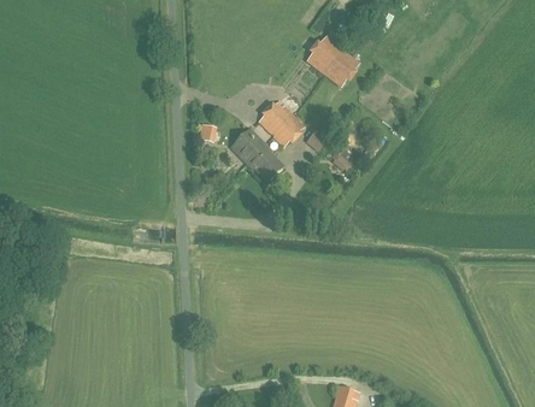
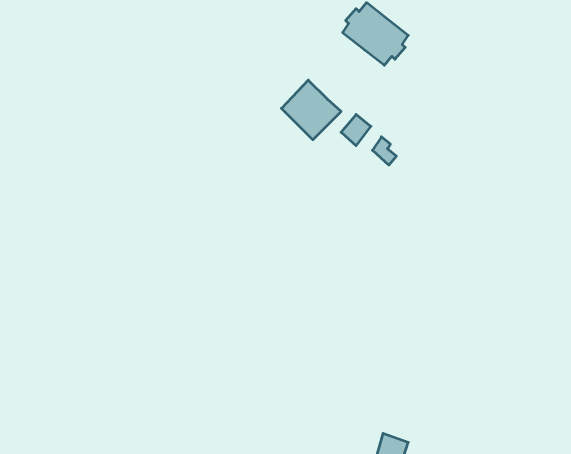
building: [230,128,283,181] -> none

